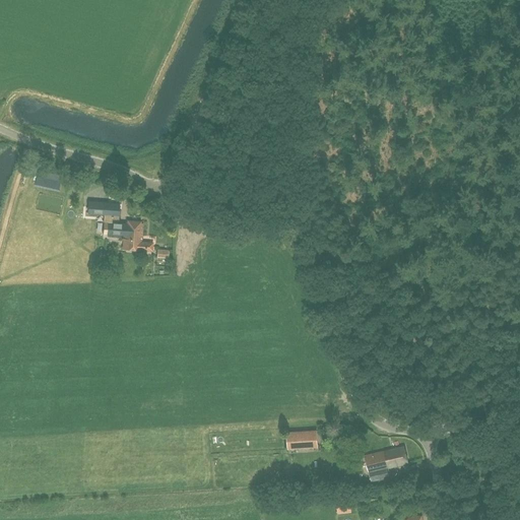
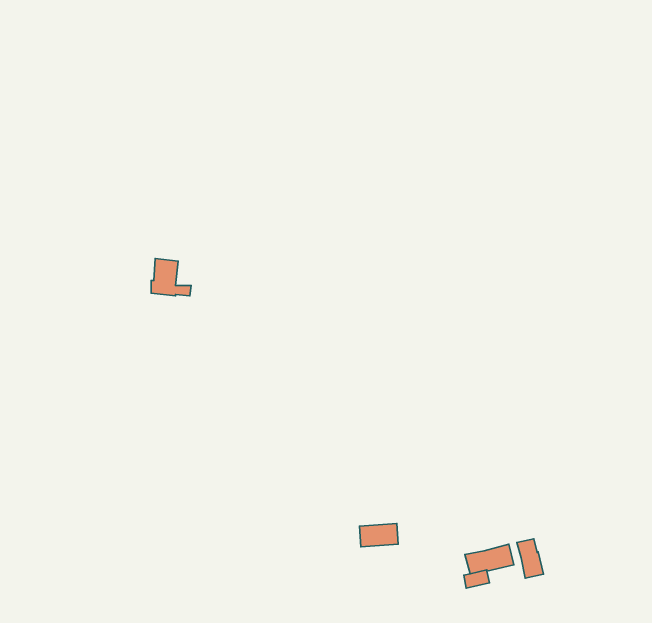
building: [87,200,125,235] -> none
building: none -> [517,539,543,578]

